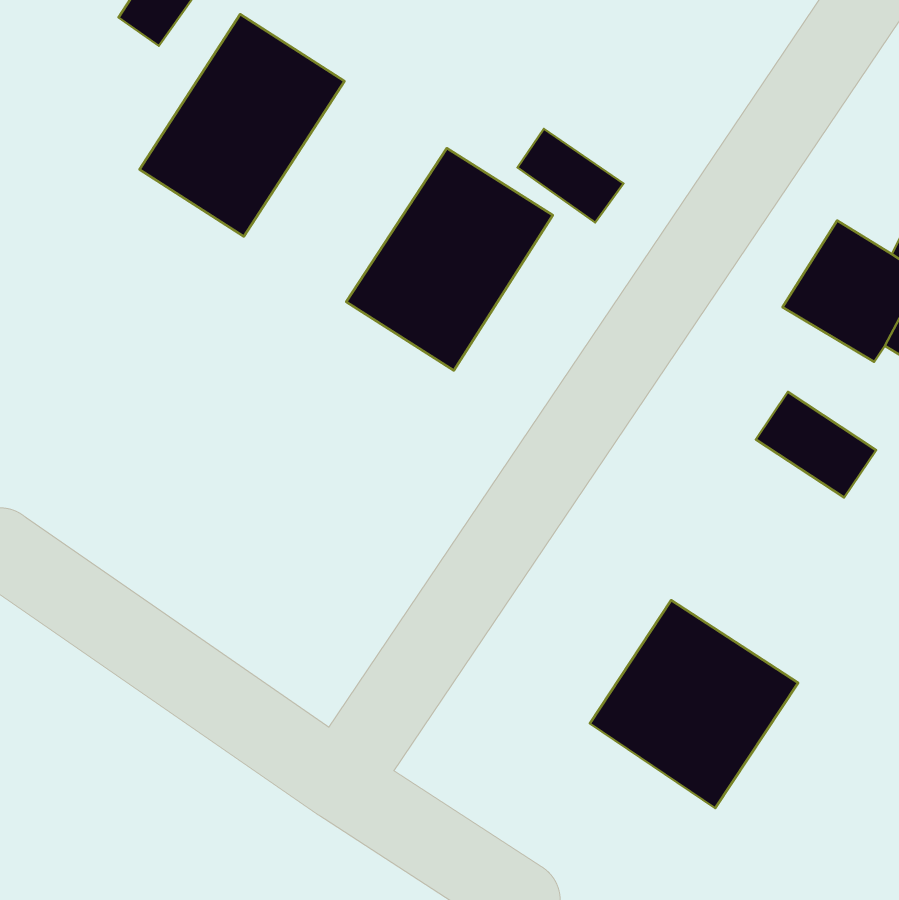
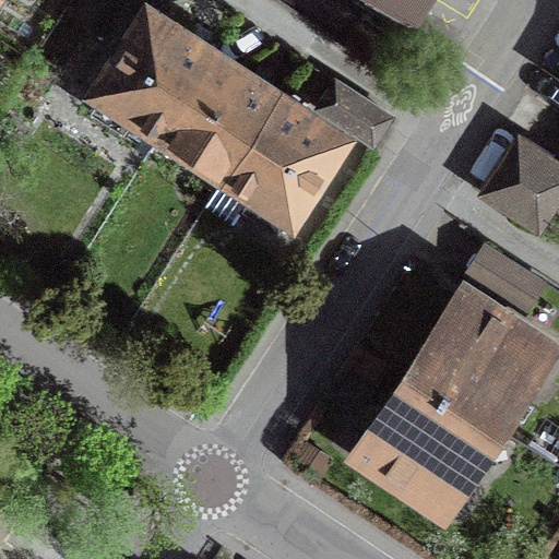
building: none -> [153,50,278,187]
building: none -> [417,293,545,423]

